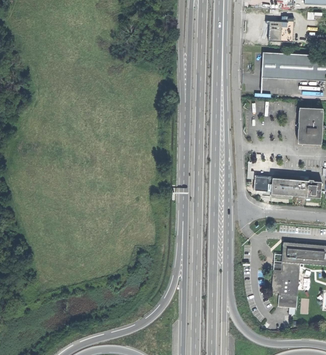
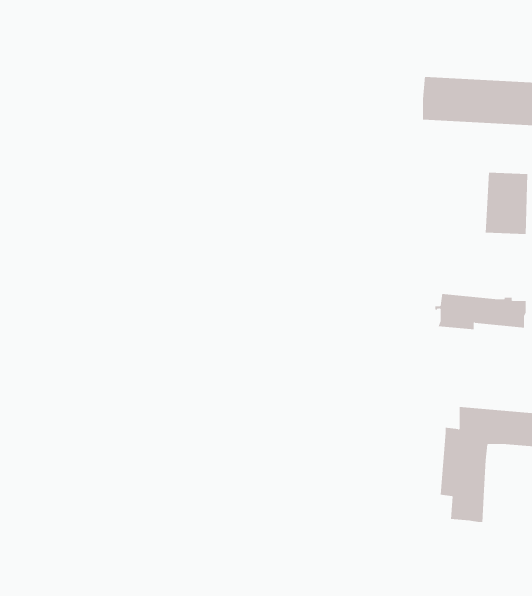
building: [267,21,286,42] -> none

